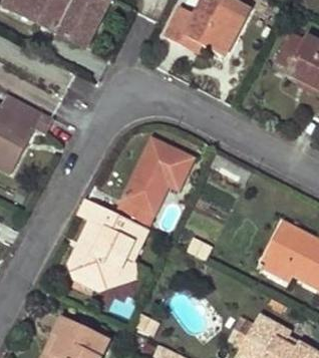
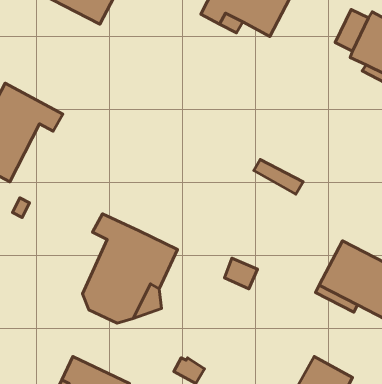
building: [116,138,193,229] -> none

